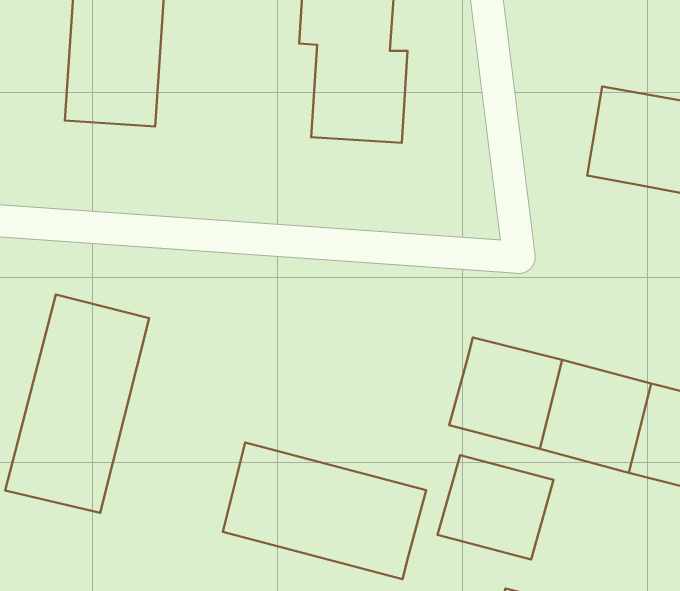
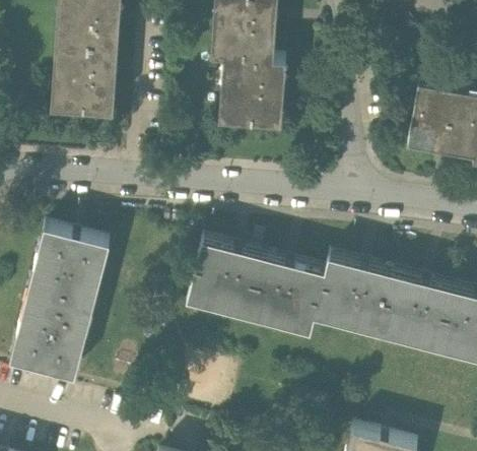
building: [223,443,426,579] -> [187,242,326,335]
building: [438,455,554,560] -> none

